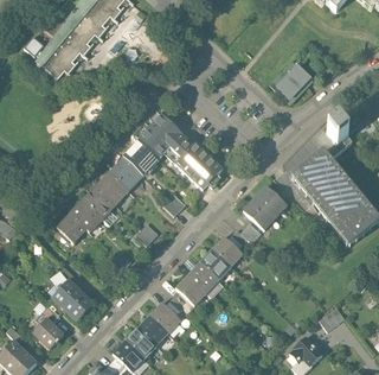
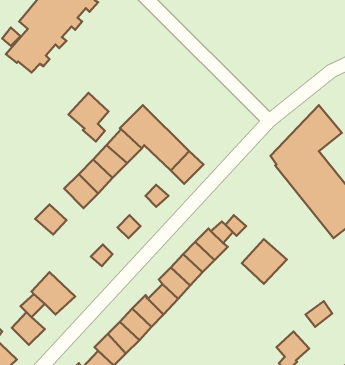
building: [271,58,315,101] -> none
building: none -> [69,93,108,142]
building: [245,184,289,228] -> [242,239,287,284]
building: [71,195,104,228] -> none

